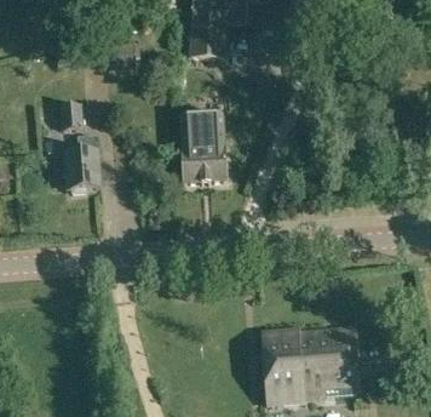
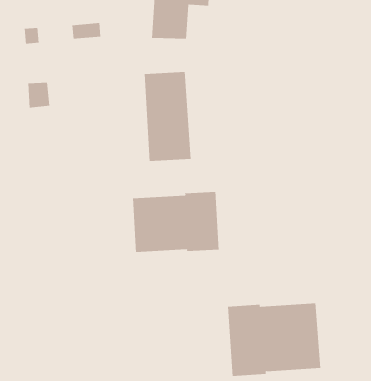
building: [64,136,99,193] -> none
building: none -> [133,191,219,253]

